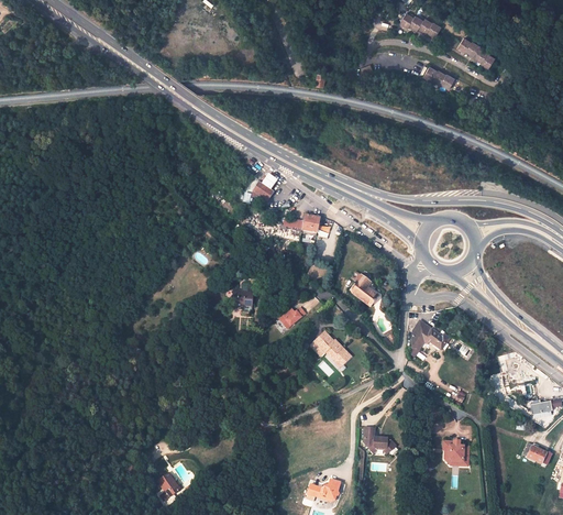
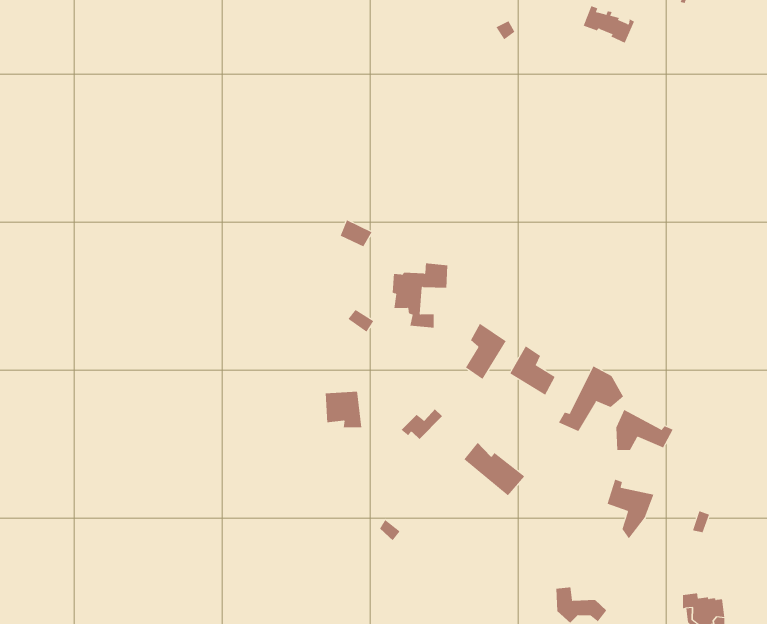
building: none -> [465,323,507,380]
building: none -> [558,365,624,432]
building: none -> [607,479,654,539]

